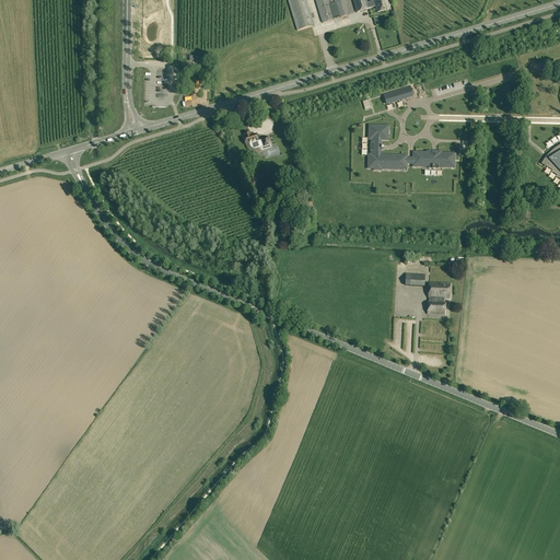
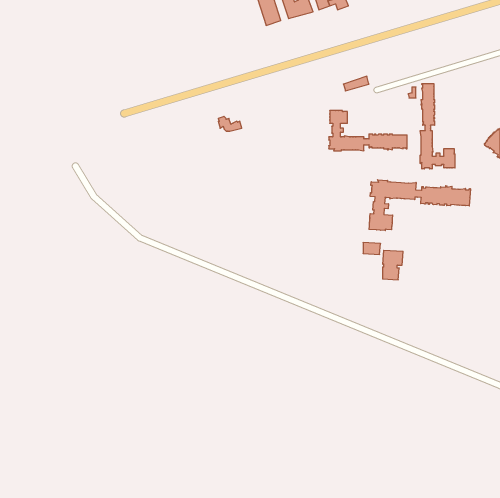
building: none -> [420,84,455,169]
building: none -> [369,180,470,231]

